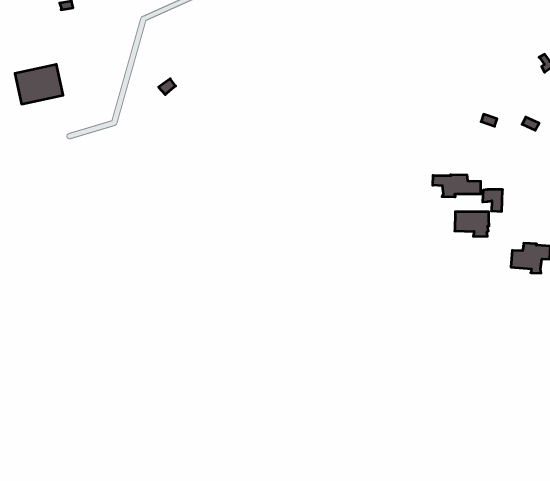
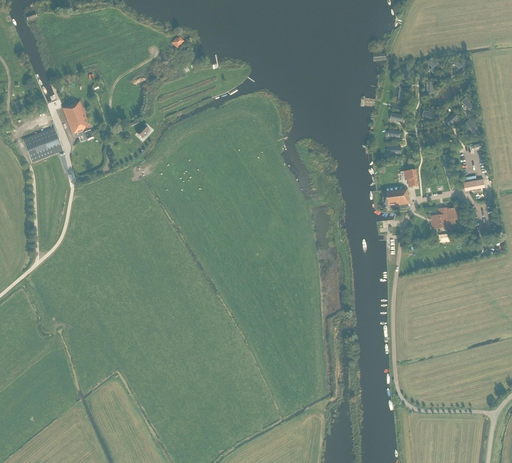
building: none -> [62,100,93,139]
building: [433,175,481,197] -> none

